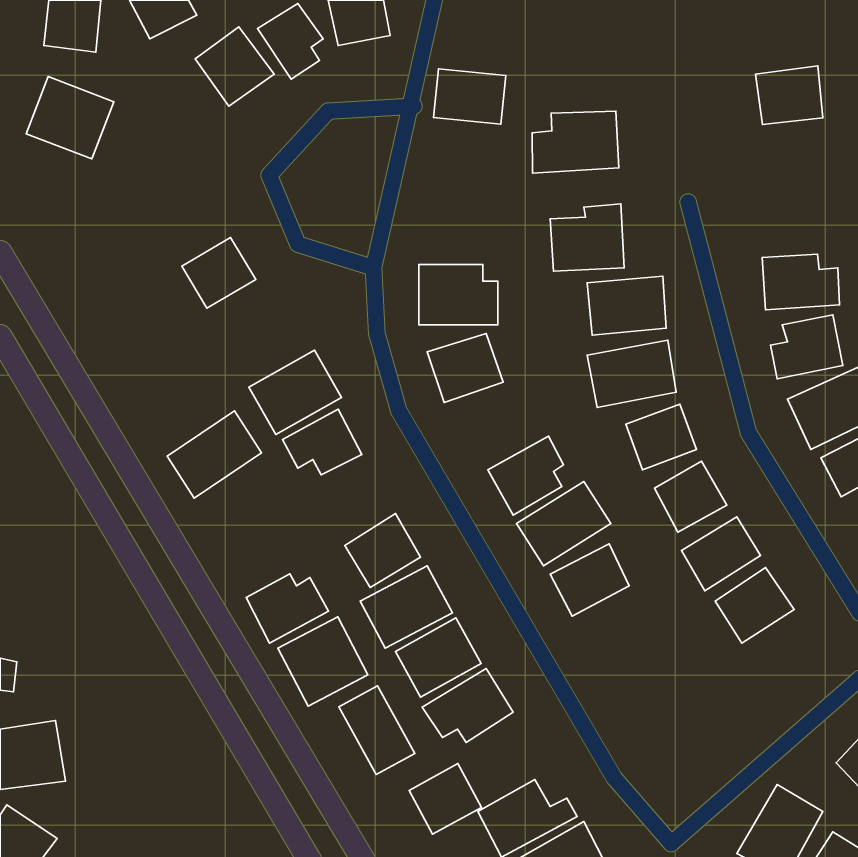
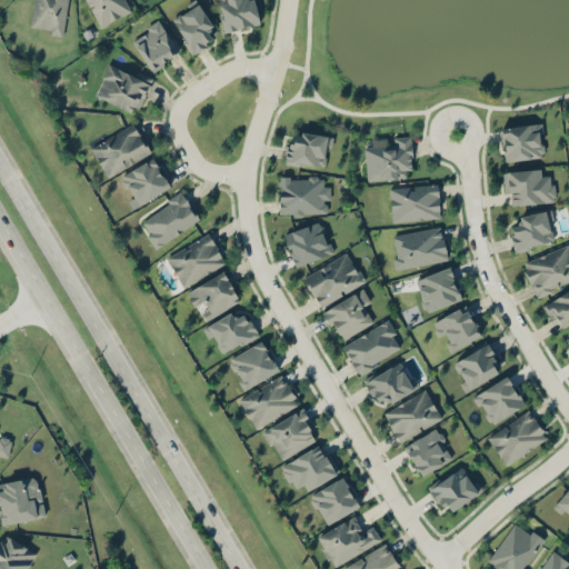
building: [756,66,823,125] -> [501,123,546,162]
building: [434,69,506,124] -> [284,132,332,169]
building: [26,76,114,159] -> [94,61,152,116]
building: [532,111,619,173] -> none
building: none -> [90,124,151,179]
building: none -> [302,253,366,309]
building: [167,411,261,498] -> [138,192,200,250]
building: [246,574,328,643] -> [204,312,259,358]
building: none -> [383,390,442,445]
building: [278,617,368,706] -> none
building: none -> [488,410,548,467]
building: none -> [406,430,452,476]
building: [339,686,415,775] -> none
building: none -> [429,467,480,515]
building: [409,764,481,834] -> [311,478,359,525]

